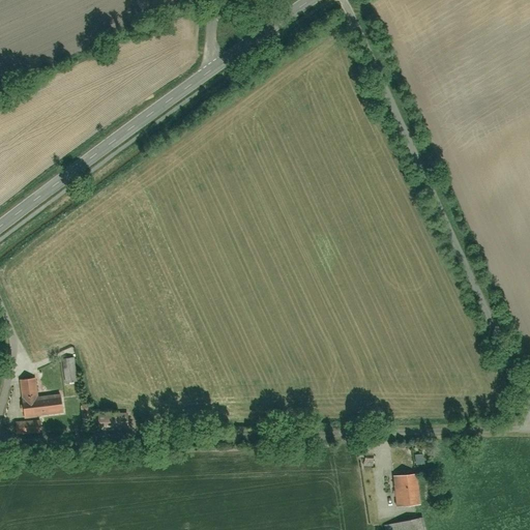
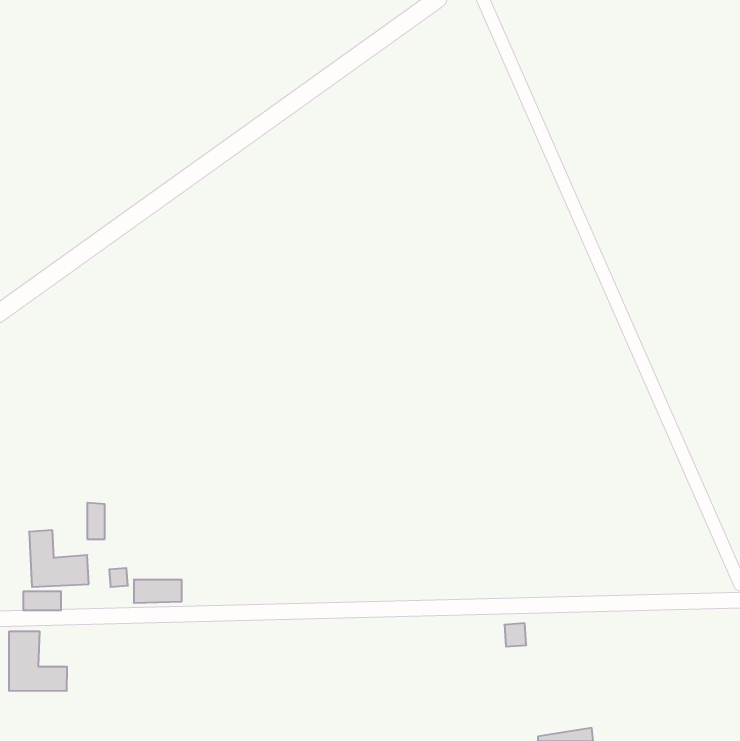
building: none -> [9,631,67,691]
building: [392,472,420,505] -> none

